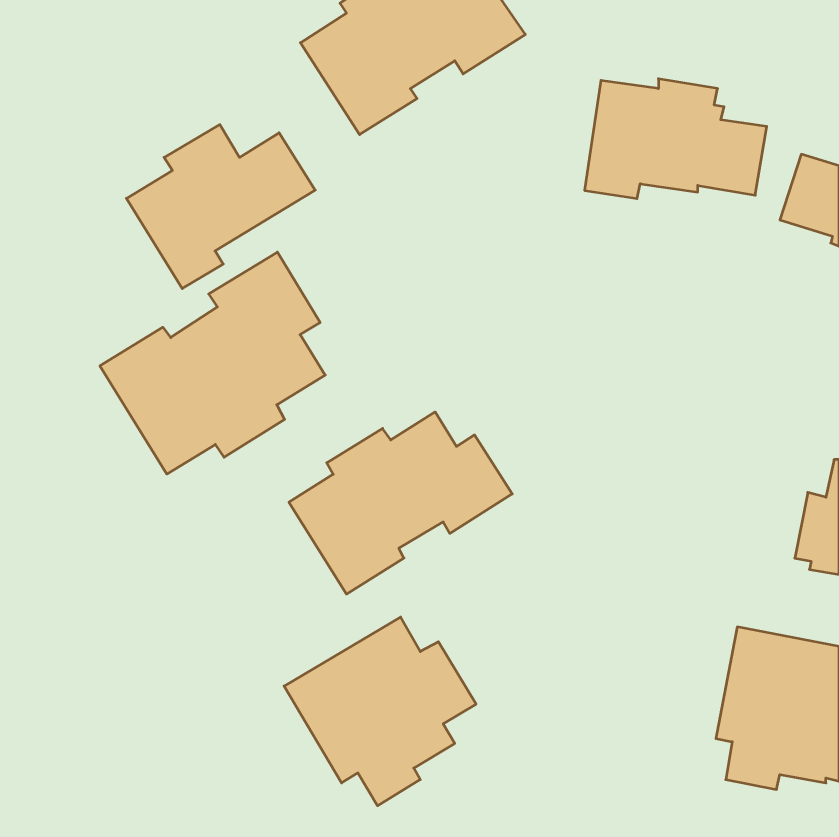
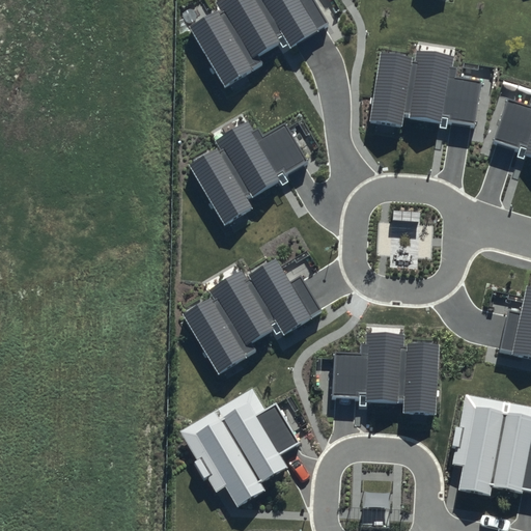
building: [126,125,315,289] -> [189,118,308,222]
building: [100,252,325,474] -> none
building: none -> [333,336,439,417]

